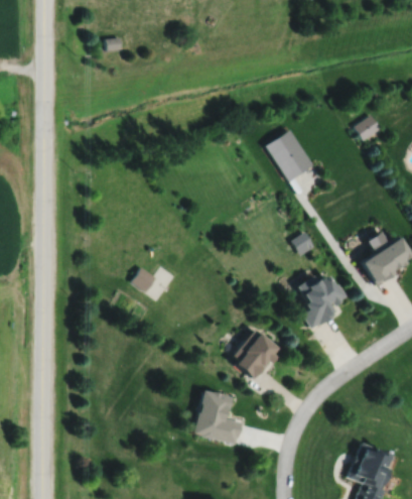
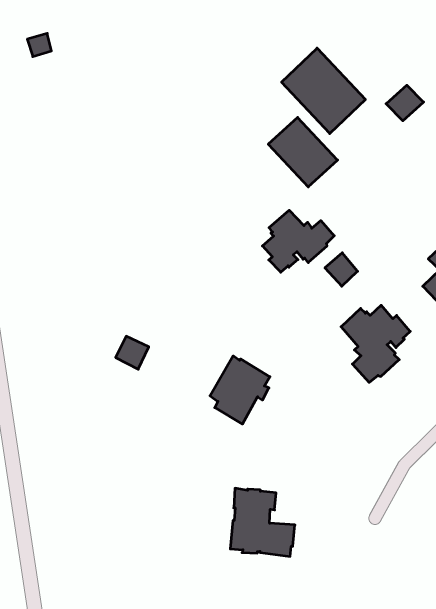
building: none -> [282,48,365,134]
building: none -> [262,210,334,272]
building: [233,328,278,378] -> [210,356,270,424]

